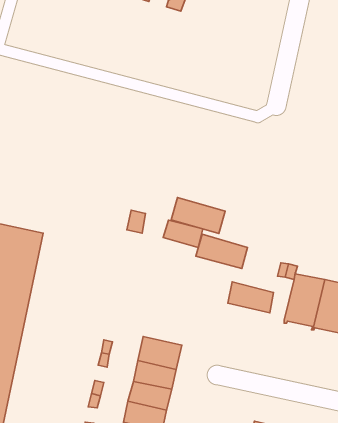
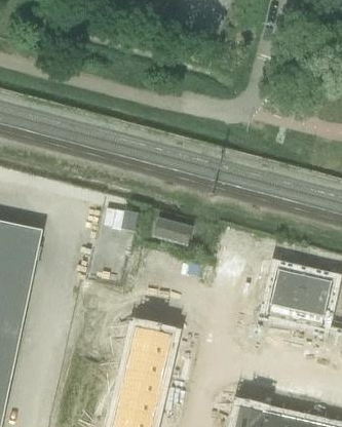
building: [171,198,225,233] -> none
building: [196,234,248,268] -> none
building: [228,282,274,313] -> none

